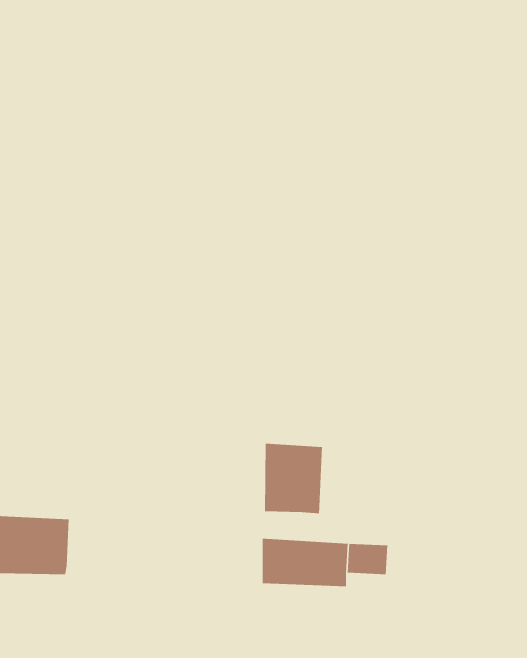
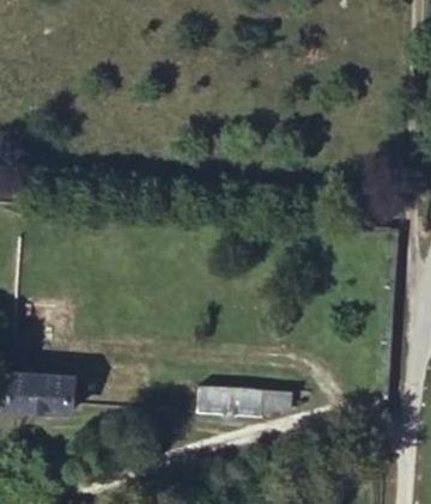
building: [264,443,322,514] -> none

